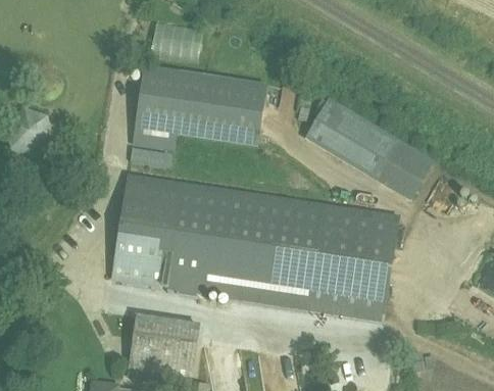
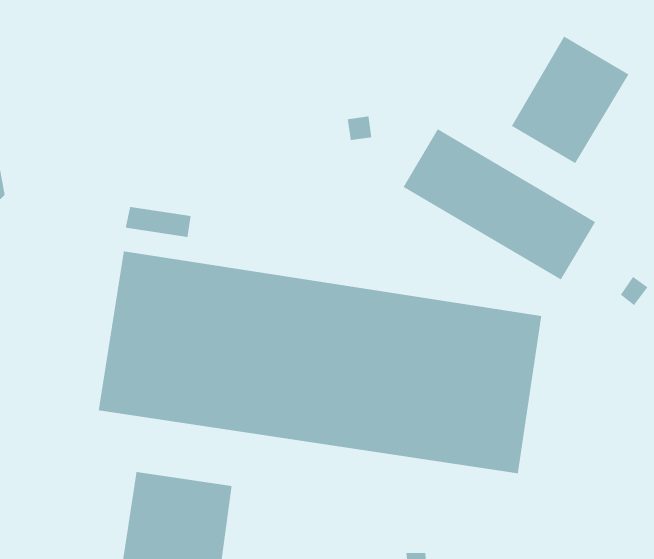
building: none -> [511,35,629,164]
building: [134,62,266,146] -> none

